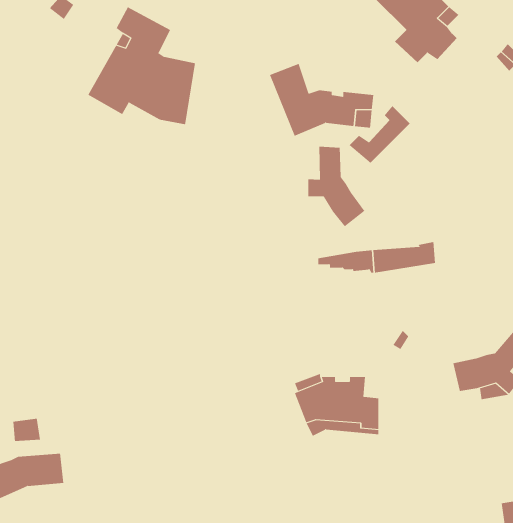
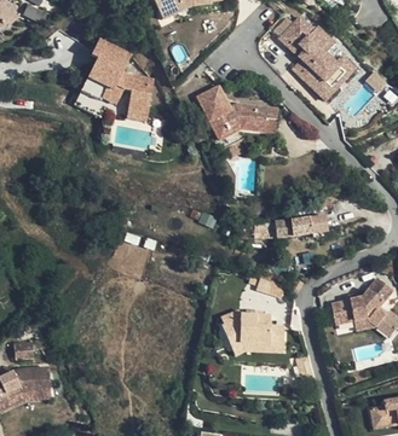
building: [349,105,410,163] -> [310,54,354,97]
building: [308,146,365,227] -> none

